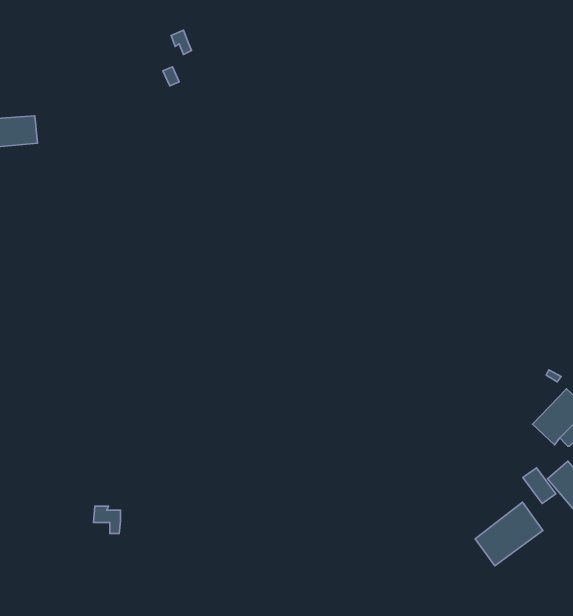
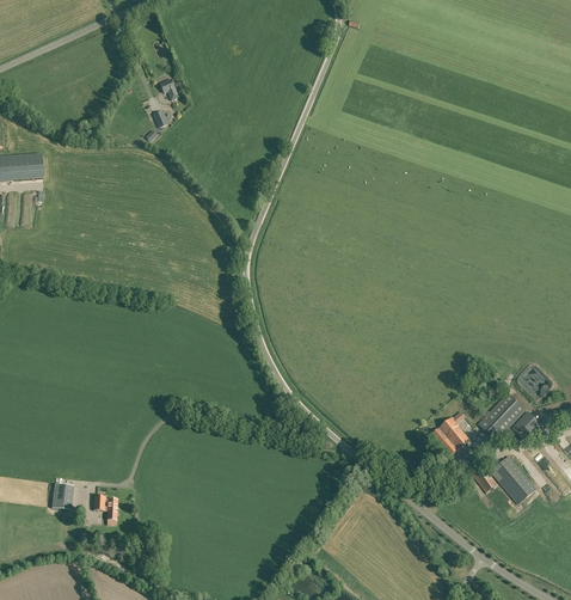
building: none -> [431,417,469,455]
building: none -> [54,482,76,508]
building: [475,502,543,566] -> none

